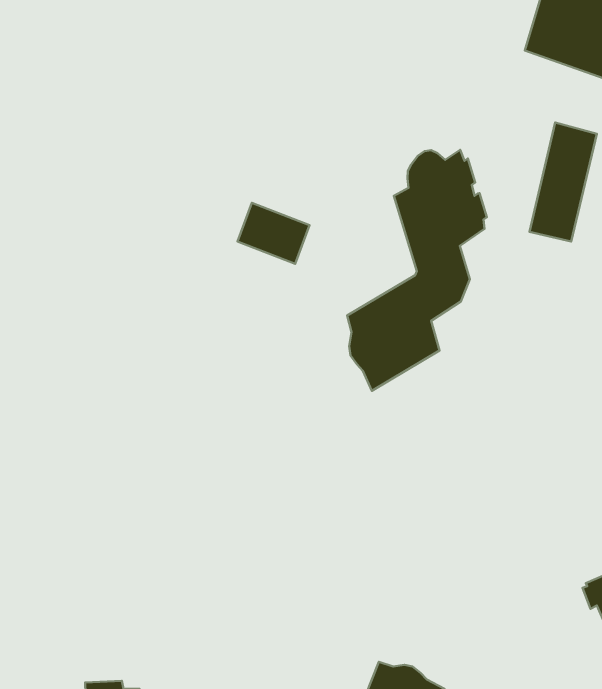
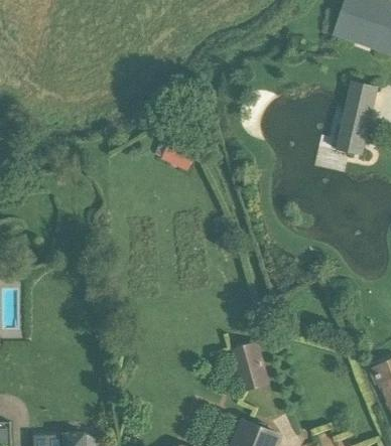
building: [347,150,487,391] -> none
building: none -> [231,340,271,392]

